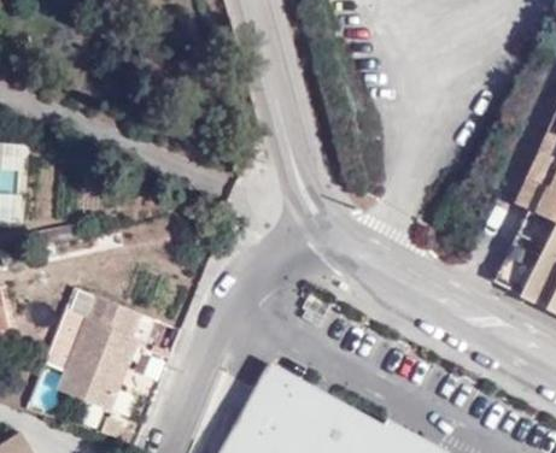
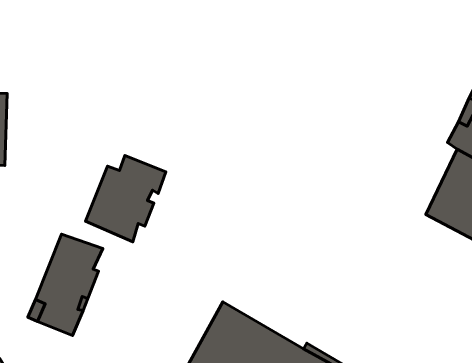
building: none -> [86,155,166,242]

